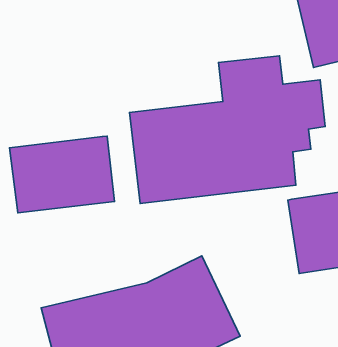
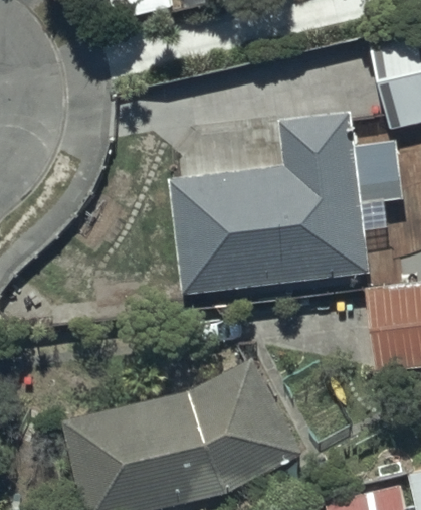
building: [10,136,114,213] -> none

